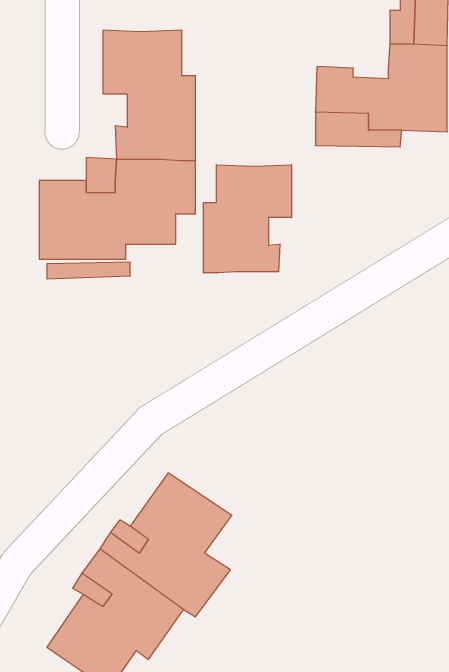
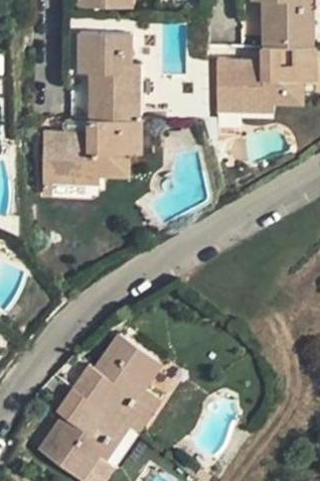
building: [203,165,291,273] -> none

